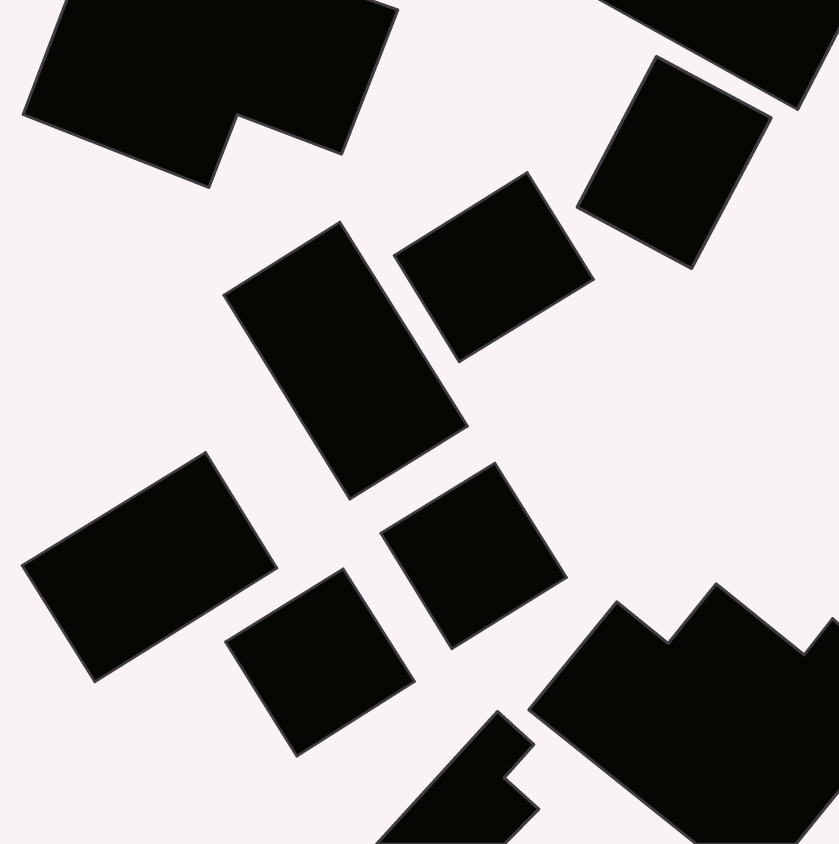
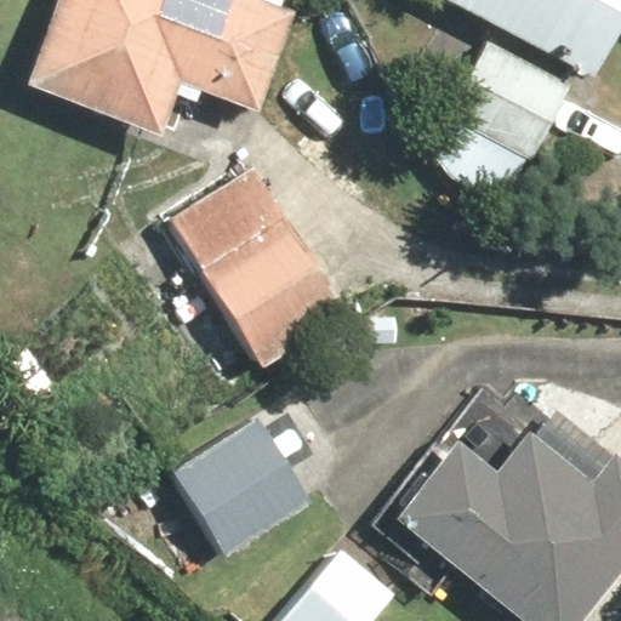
building: [394,173,594,362] -> none
building: [22,452,277,682] -> none
building: [381,463,566,649] -> none

